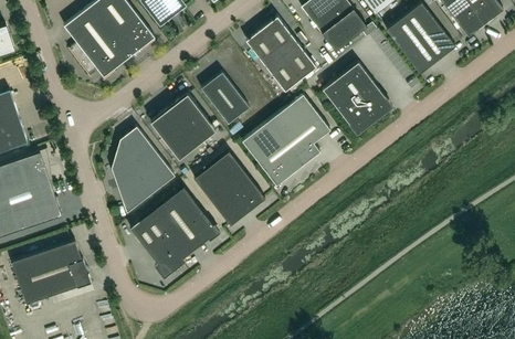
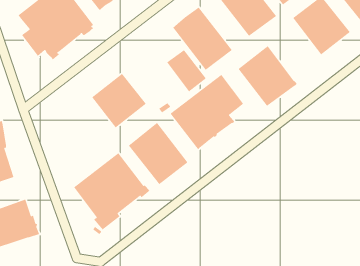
building: [201,73,249,124] -> [166,49,207,93]
building: [111,127,175,213] -> none

